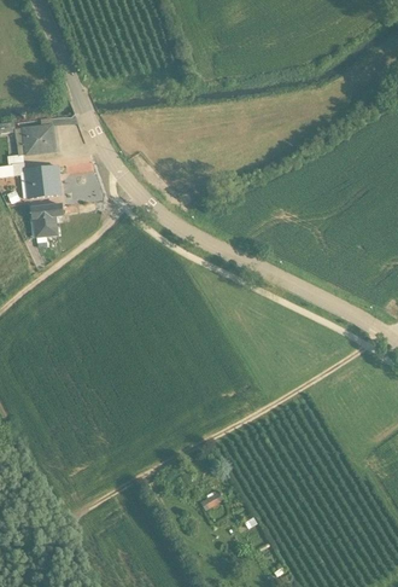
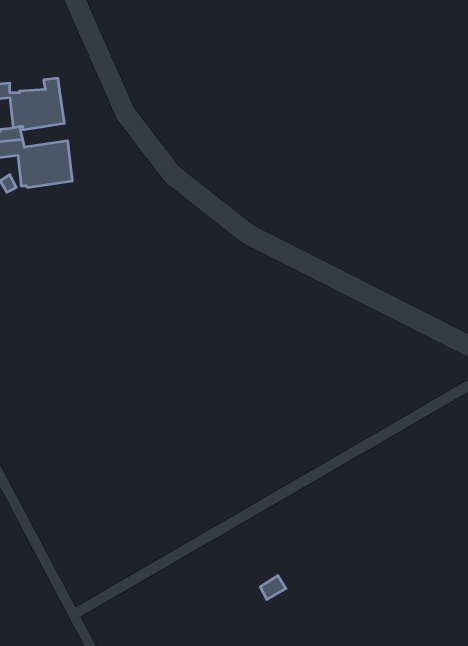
building: [29,204,62,238] -> none

